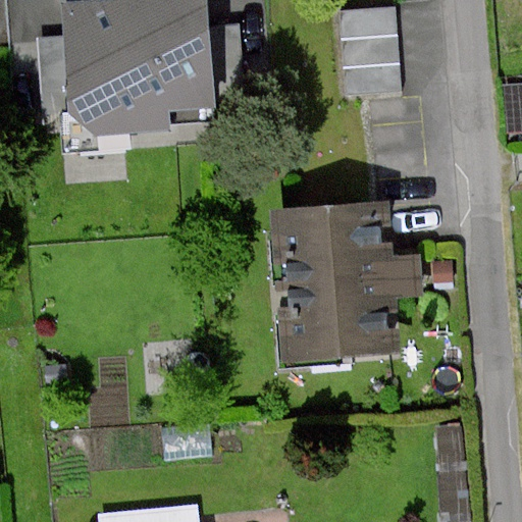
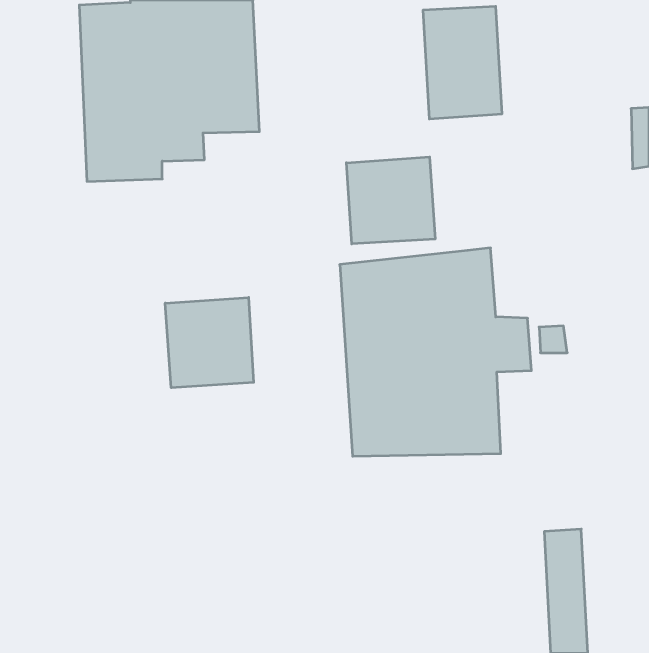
building: none -> [346,157,435,244]
building: none -> [165,297,254,388]

